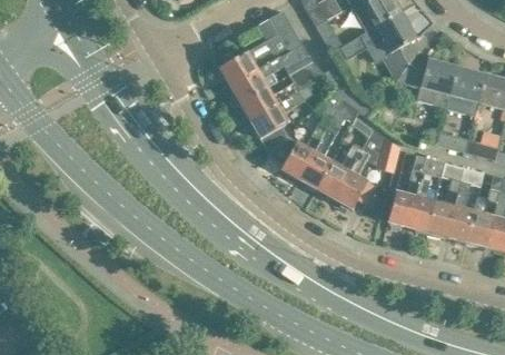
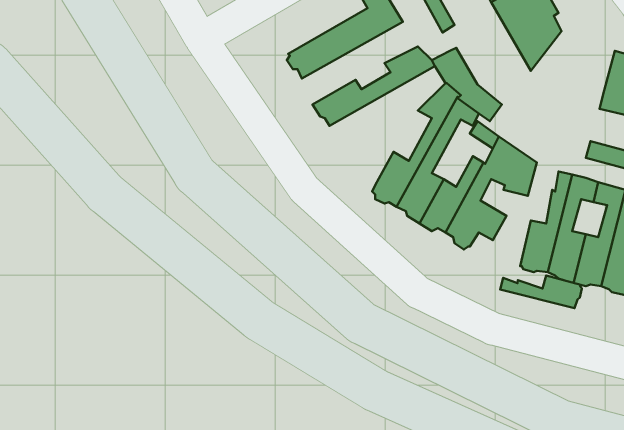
building: [230,45,315,105] -> none
building: [397,51,458,108] -> none
building: [250,91,306,154] -> none
building: none -> [500,276,582,308]

